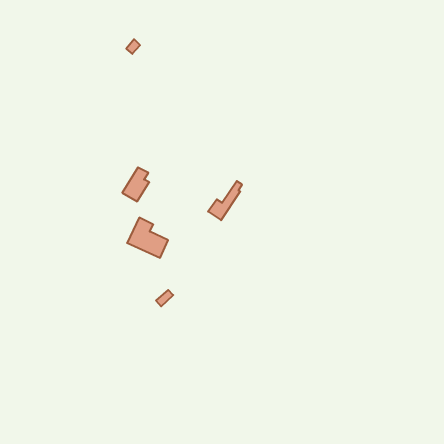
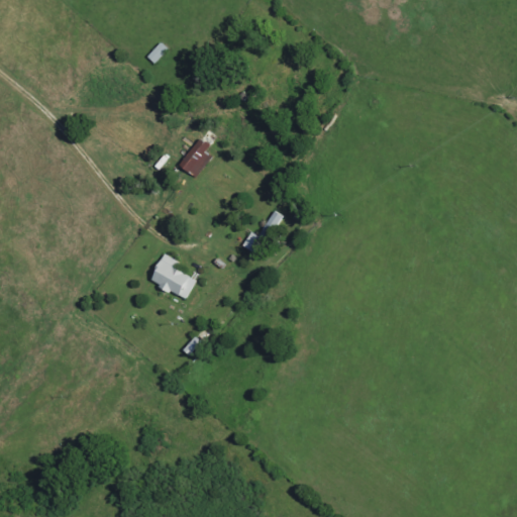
building: [122,167,149,201] -> [180,137,211,177]

